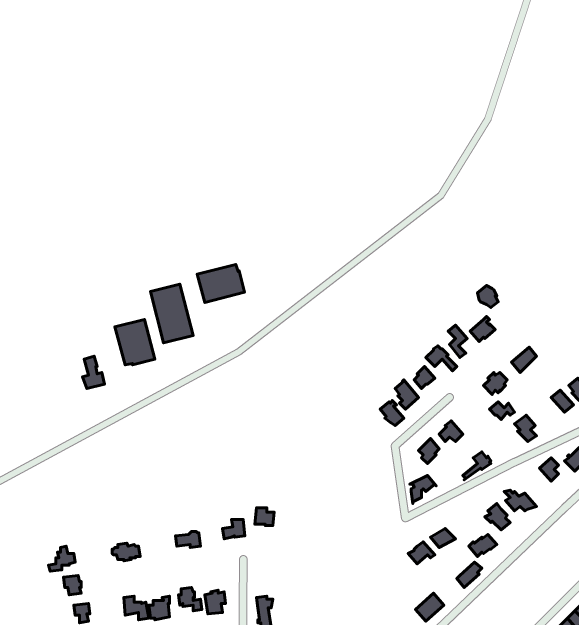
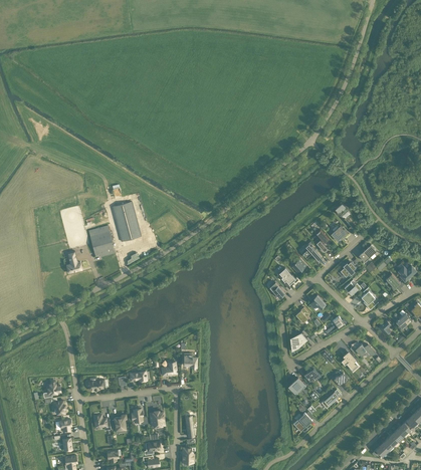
building: [197,265,245,302] -> none

